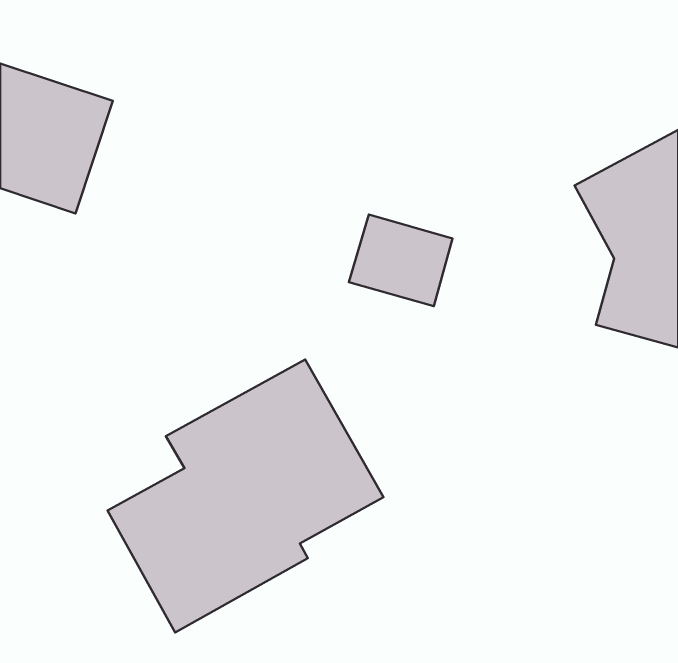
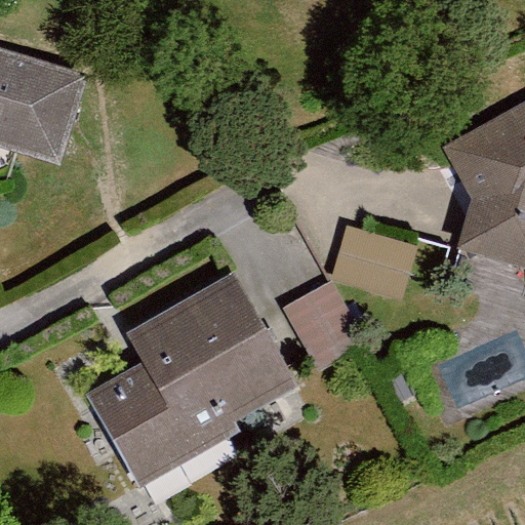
building: [349,215,452,306] -> [333,223,413,293]
building: none -> [282,279,357,371]

